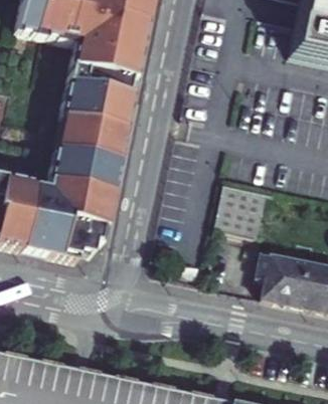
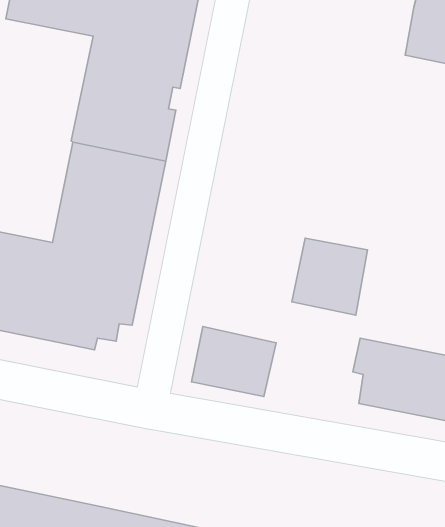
building: none -> [192,326,276,396]

